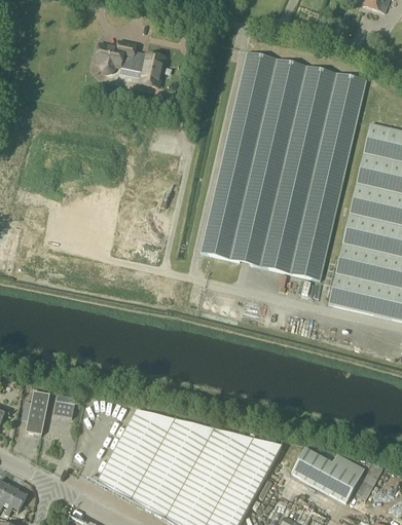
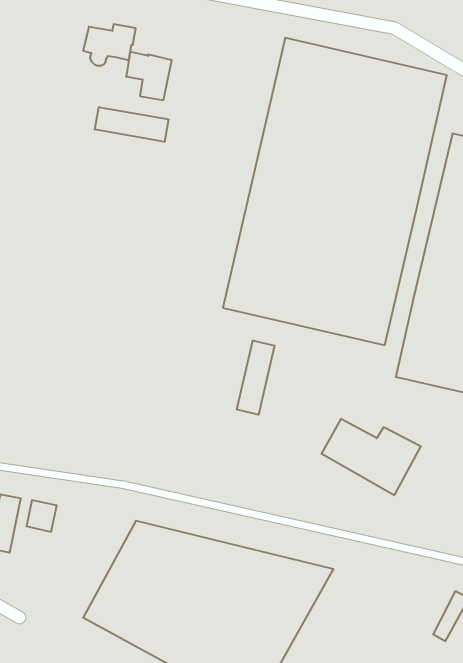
building: none -> [95,107,169,142]
building: none -> [237,340,275,415]
building: [291,446,365,502] -> [321,419,421,495]

